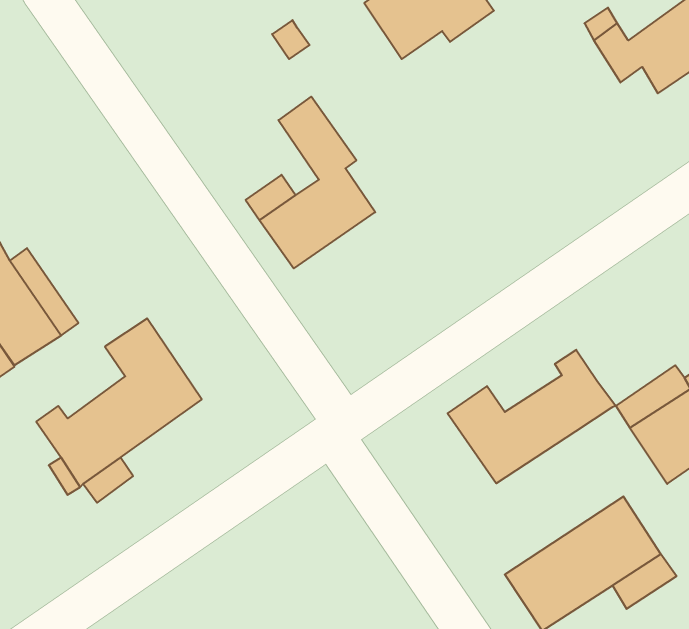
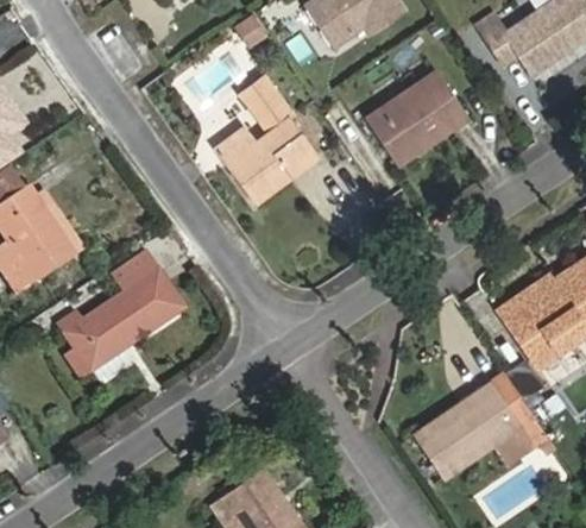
building: none -> [364,68,466,162]
building: [448,350,616,483] -> none

